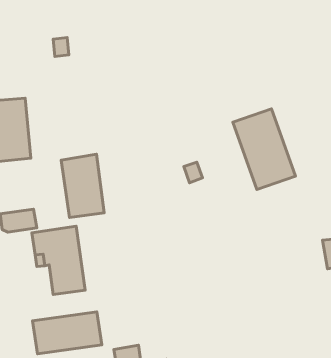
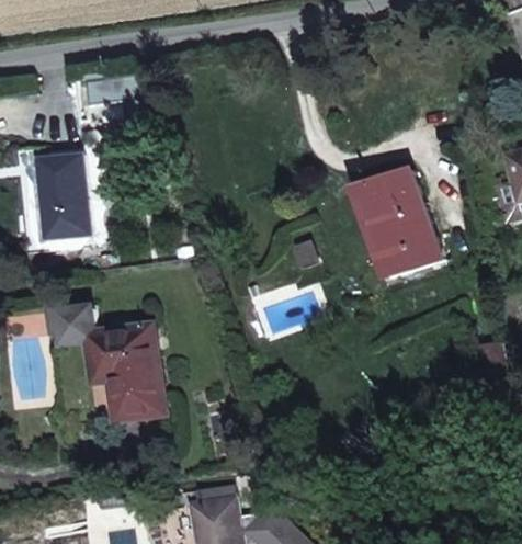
building: [61,154,104,218] -> none
building: [33,312,102,354] -> none

